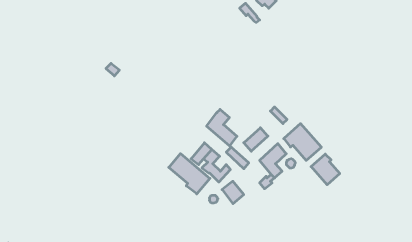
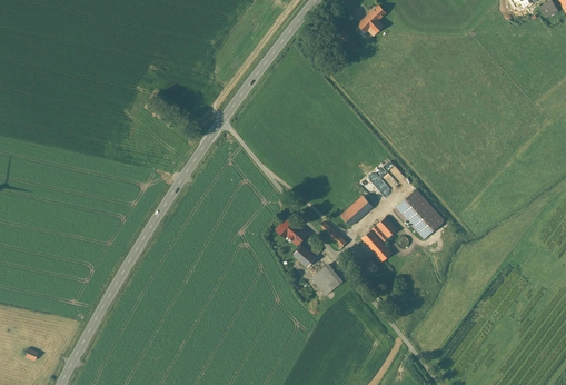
building: [207,109,237,146] -> none
building: [169,154,210,194] -> none
building: [311,154,340,185] -> none

